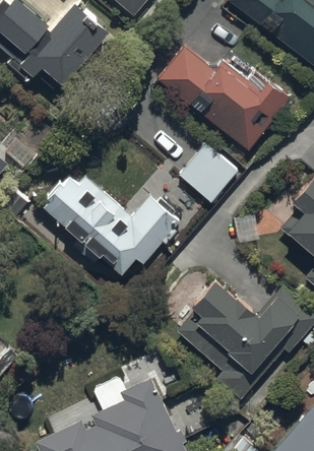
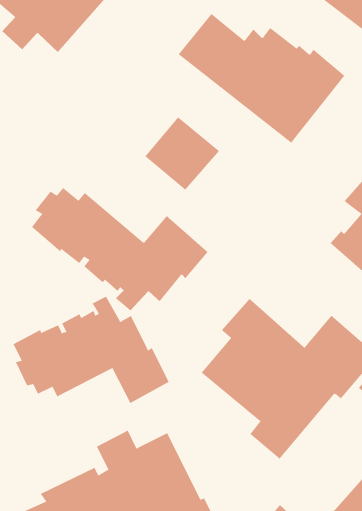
building: [180,150,240,209] -> [145,116,220,191]
building: none -> [13,296,170,404]

